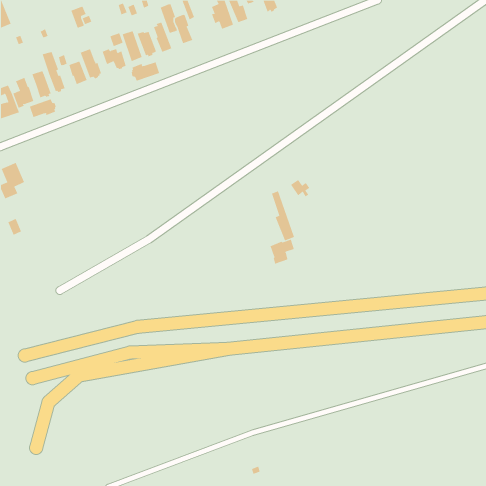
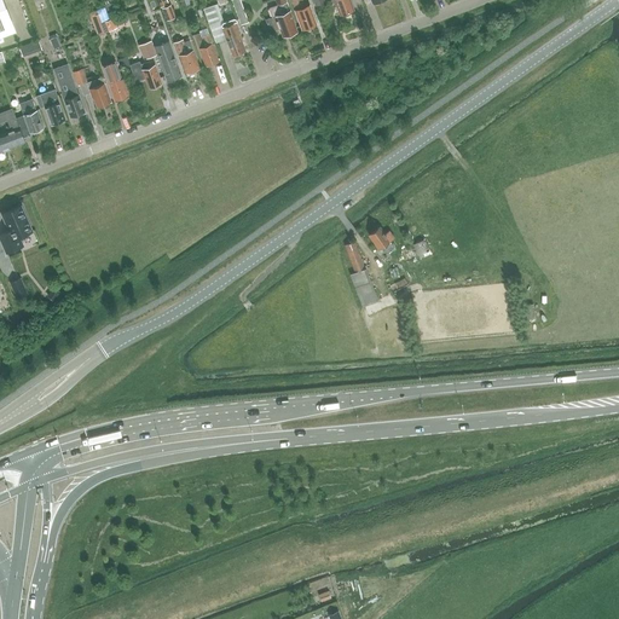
building: [131,61,160,82] -> none
building: [29,98,56,118] -> none
building: [270,239,294,264] -> none

